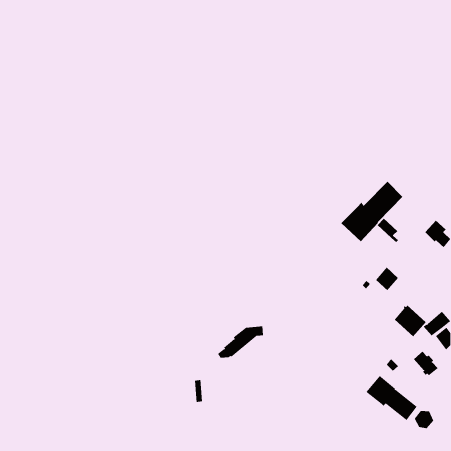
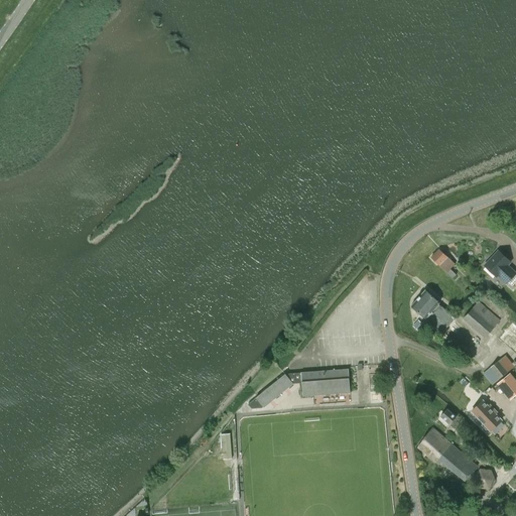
building: [340,181,403,242] -> none
building: none -> [411,289,440,318]
building: [394,305,427,337] -> [464,300,501,338]
building: none -> [300,369,350,396]

